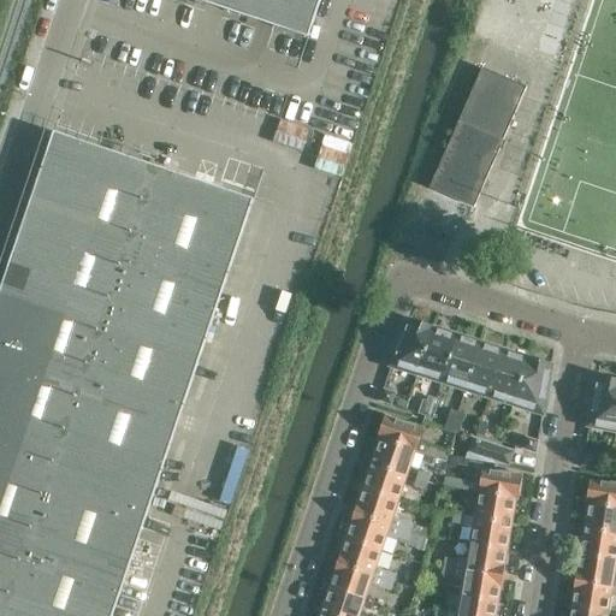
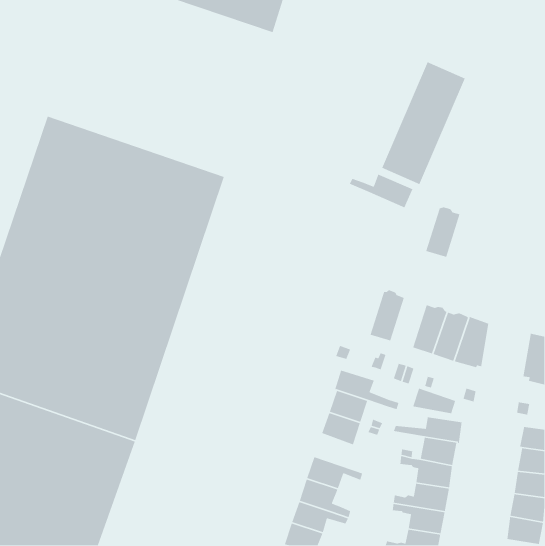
building: none -> [349,173,413,208]
building: [390,316,432,377] -> none
building: [439,333,479,391] -> [425,206,461,258]
building: [353,487,430,538] -> none

